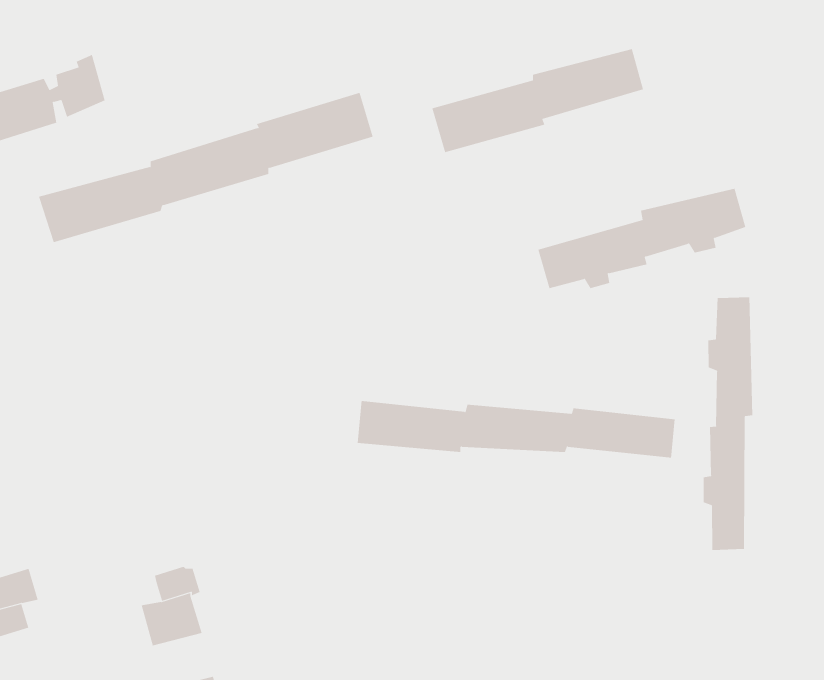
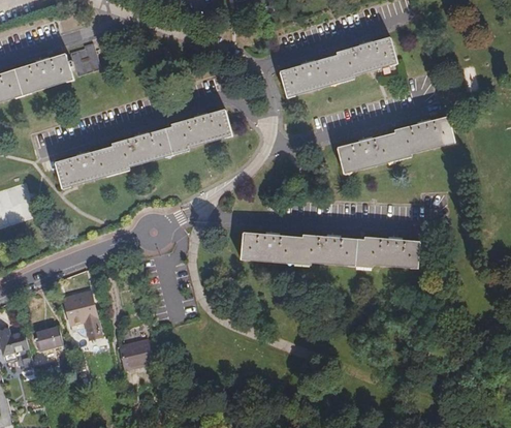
building: [38,92,373,243] -> [52,105,237,189]
building: [703,297,753,551] -> none
building: none -> [62,292,101,341]

